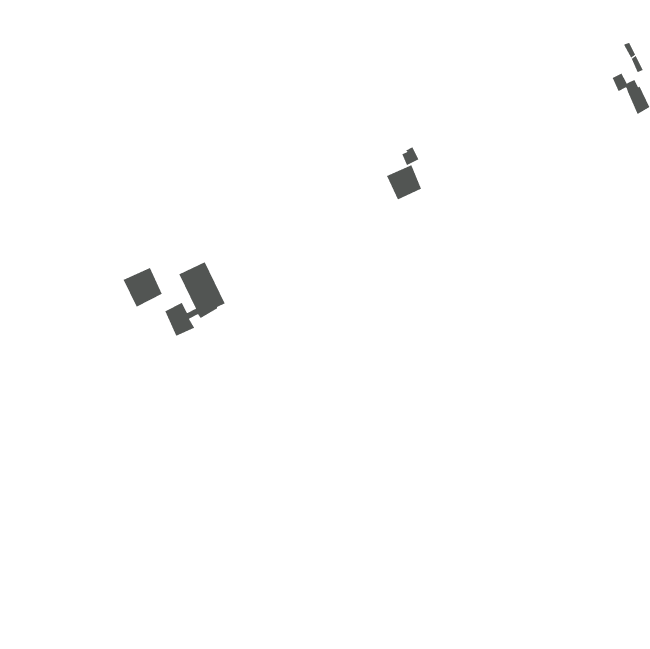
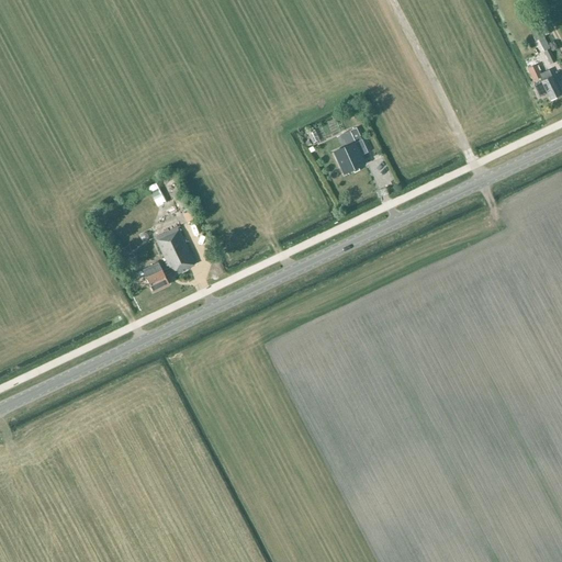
building: [123,267,163,308] -> none

